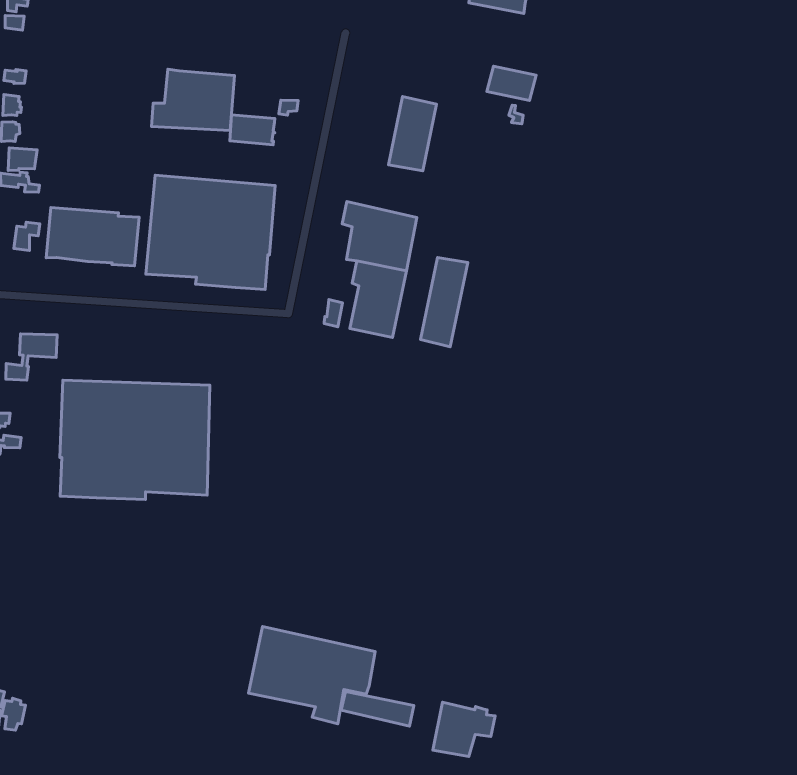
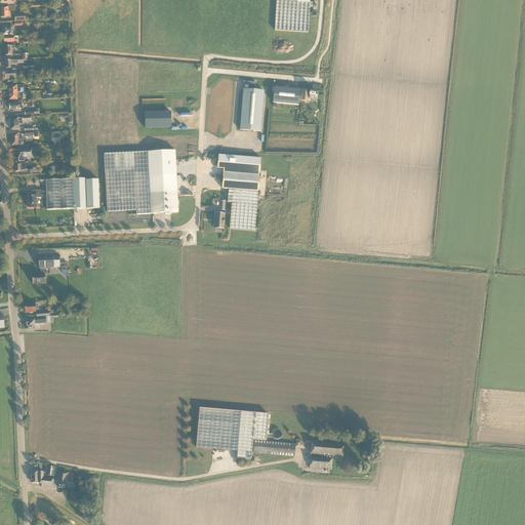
building: [487,66,536,101] -> [270,86,297,104]
building: [151,69,235,131] -> none
building: [421,257,468,347] -> none
building: [60,380,210,499] -> none

